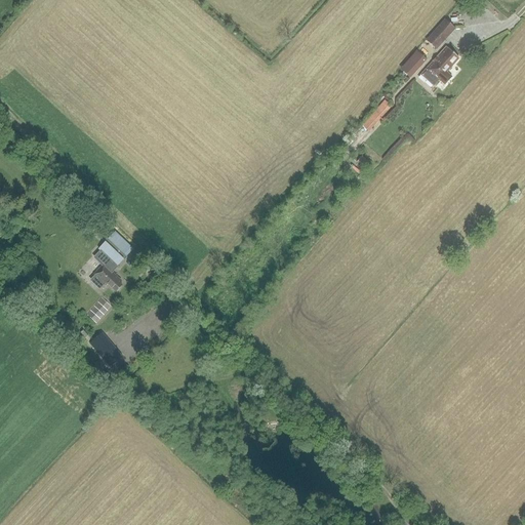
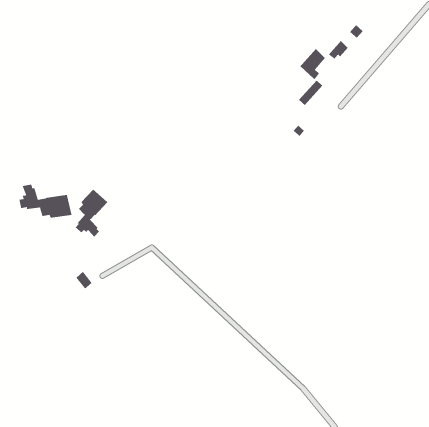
building: [421,44,458,83] -> [296,48,326,80]
building: none -> [19,184,72,219]

